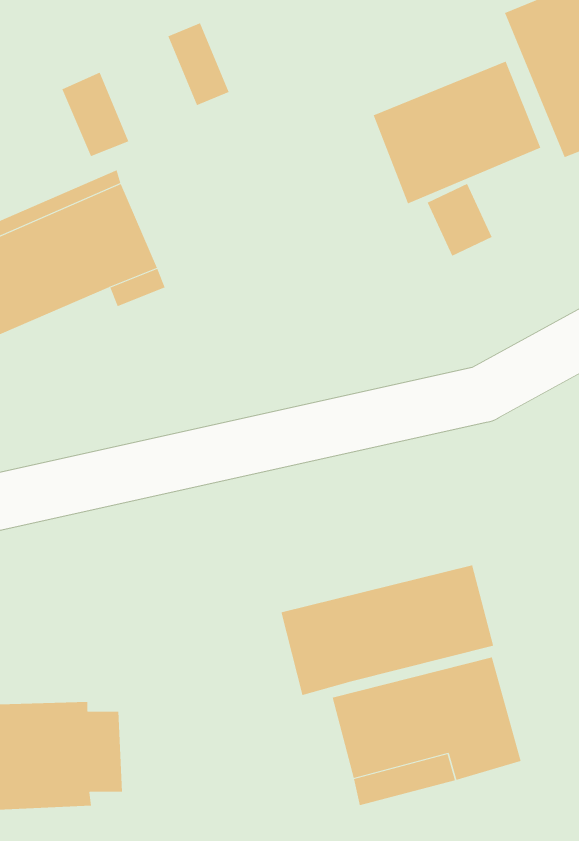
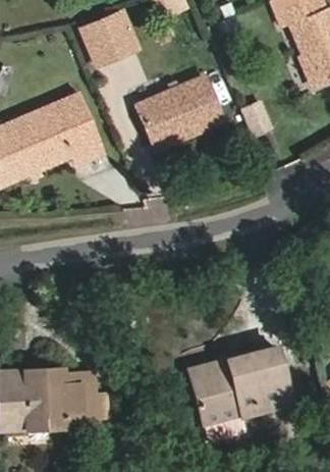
building: [373,61,541,204] -> [133,75,222,151]
building: [62,72,129,157] -> [82,20,118,65]
building: [281,565,494,696] -> none
building: none -> [77,376,106,419]

